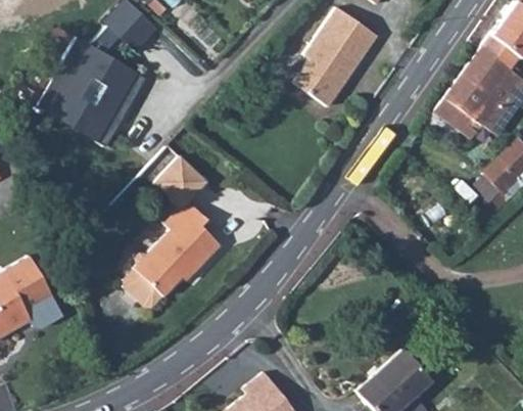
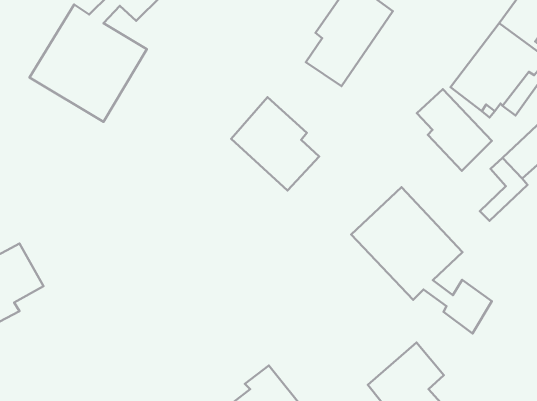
building: none -> [417,89,492,171]
building: none -> [231,97,319,190]
building: [115,156,219,312] -> none
building: none -> [351,187,492,333]

